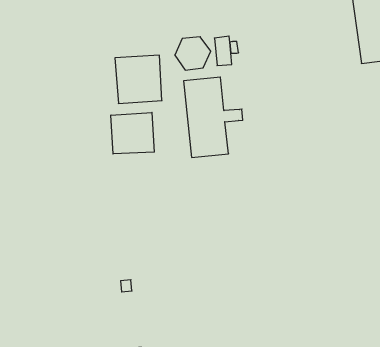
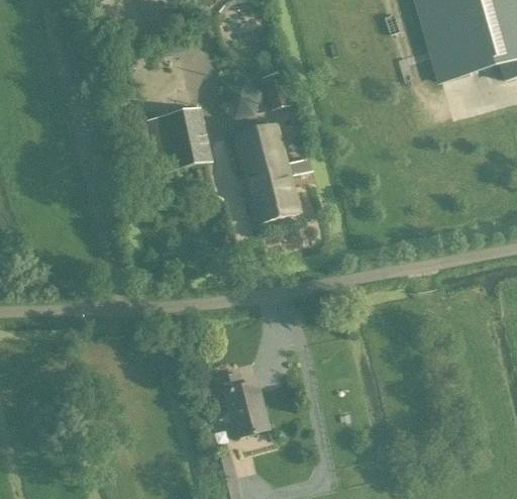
building: [111,112,154,154] -> none
building: none -> [215,371,270,435]

